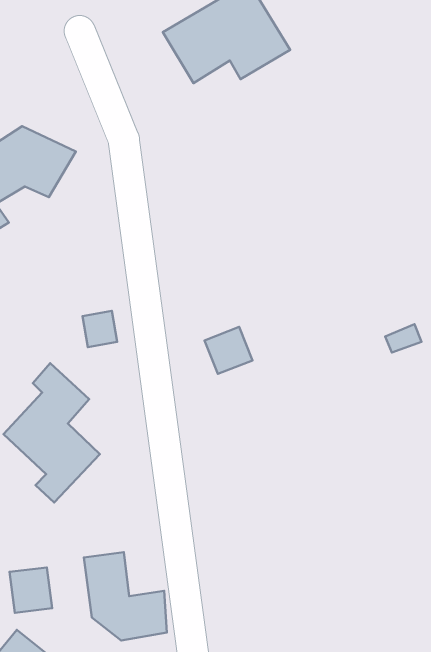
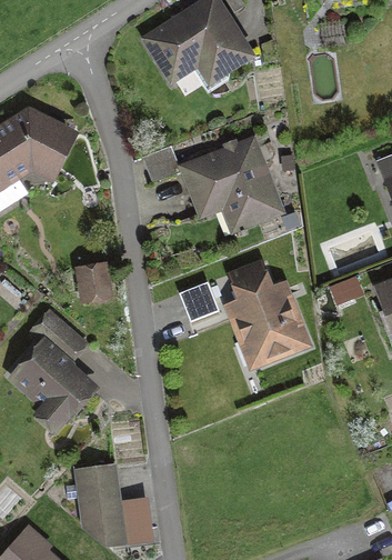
building: none -> [142,140,281,231]
building: none -> [230,266,303,360]
building: [9,568,52,613] -> none

